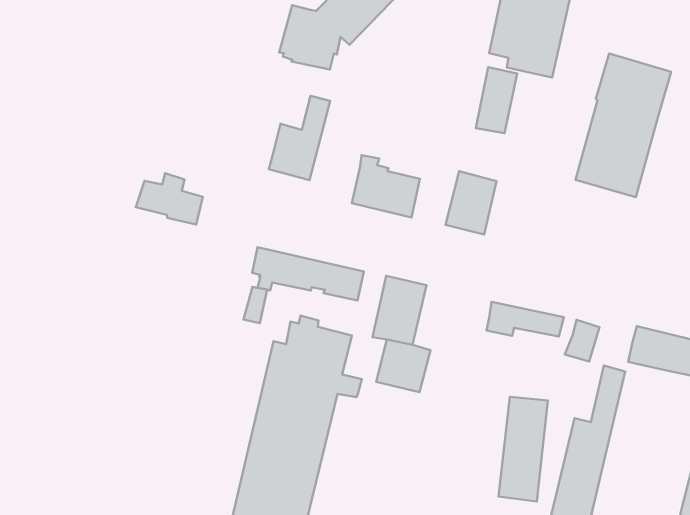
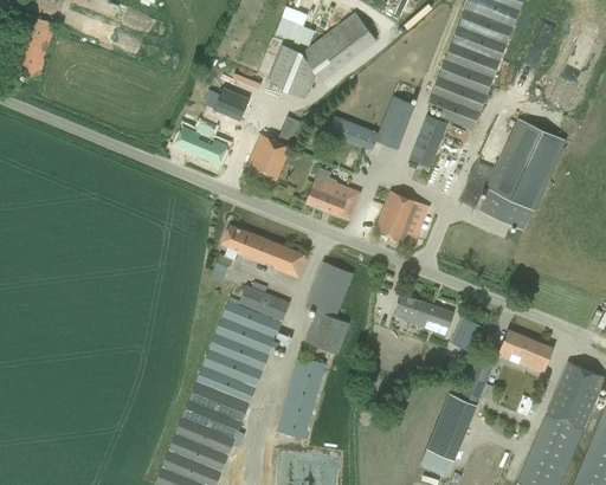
building: none -> [327,95,415,150]
building: none -> [213,88,249,121]
building: [136,173,203,224] -> [173,125,225,168]
building: [499,397,548,502] -> [276,356,324,439]

